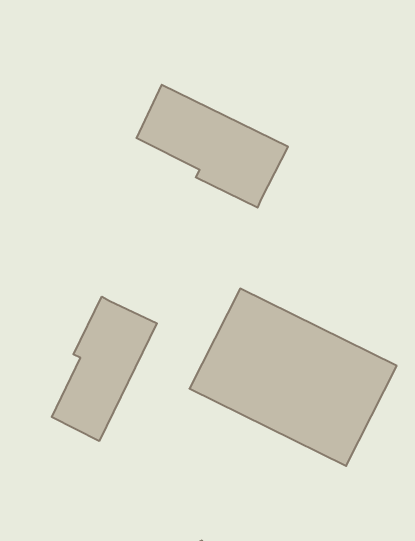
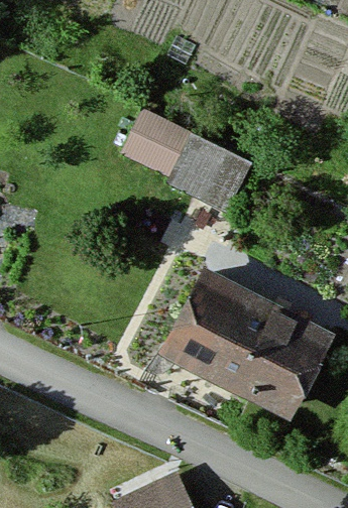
building: [52,297,157,441] -> none

